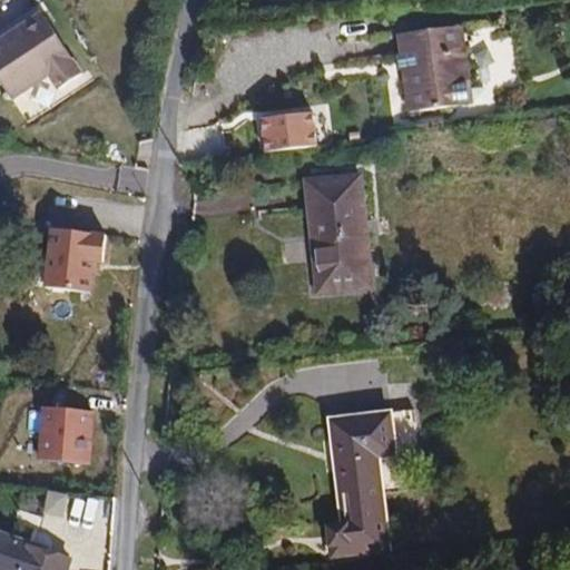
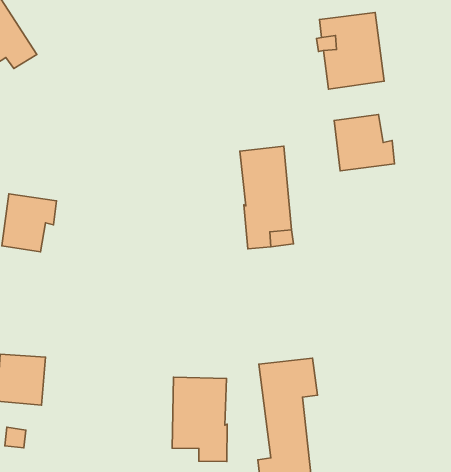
building: [262,110,316,147] -> none
building: none -> [334,115,395,171]
building: none -> [172,377,227,461]

